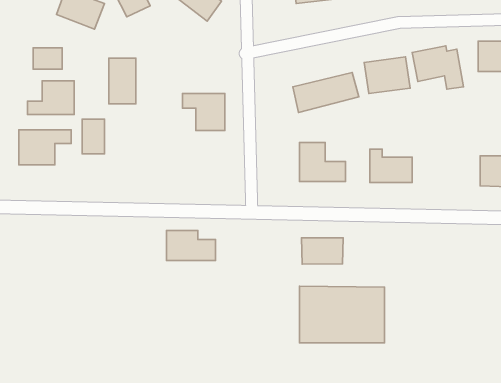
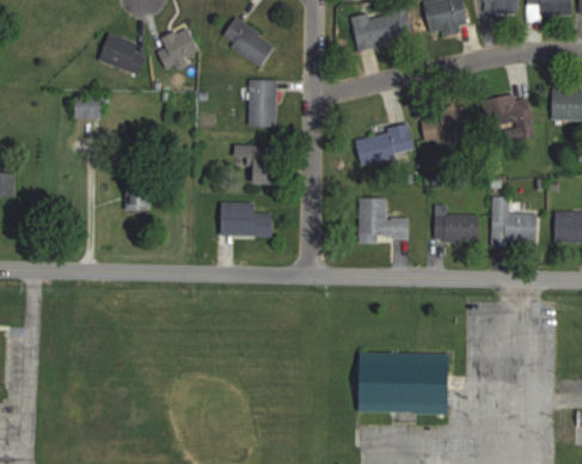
building: [109,58,136,104] -> [247,79,276,128]
building: [27,81,74,114] -> none
building: [19,130,71,165] -> none
building: none -> [490,196,537,244]
building: [166,231,216,261] -> [220,203,272,236]
building: [302,238,343,264] -> none

